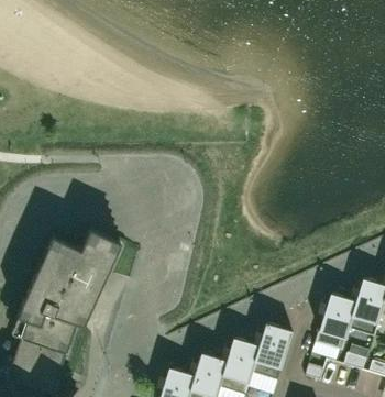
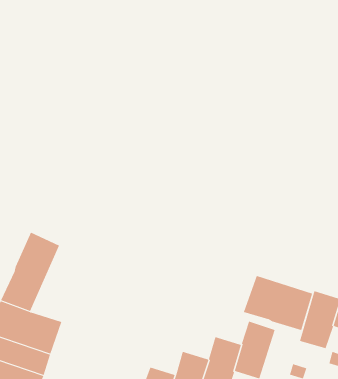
building: [53,229,122,323] -> none
building: none -> [243,275,313,331]

